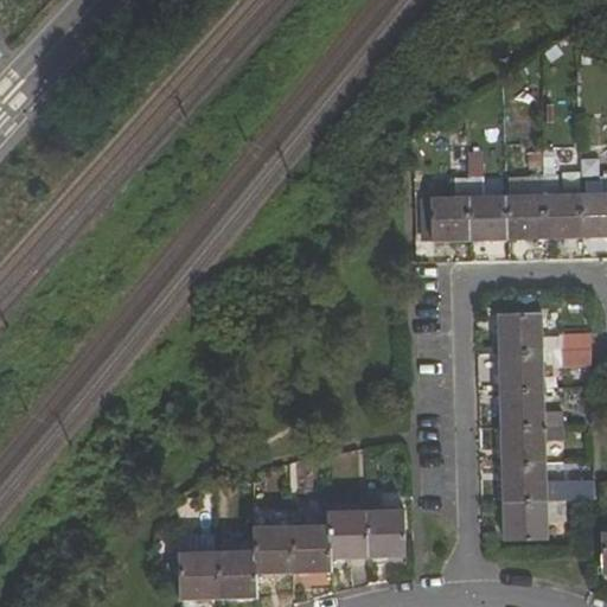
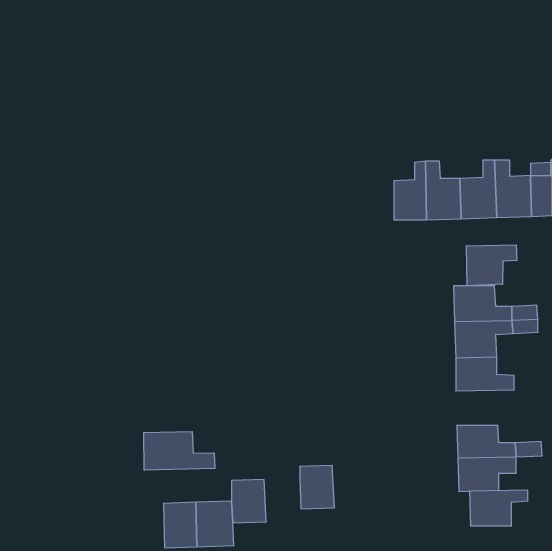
building: none -> [467,245,517,286]
building: [499,427,563,466] -> [469,490,528,526]
building: none -> [144,432,215,470]
building: [364,509,404,556] -> none
building: [289,524,330,571] -> none

